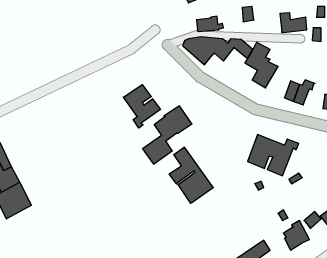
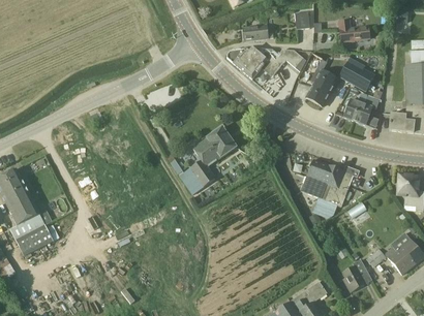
building: none -> [340,58,374,90]
building: [123,85,160,128] -> none
building: [169,147,213,203] -> none

